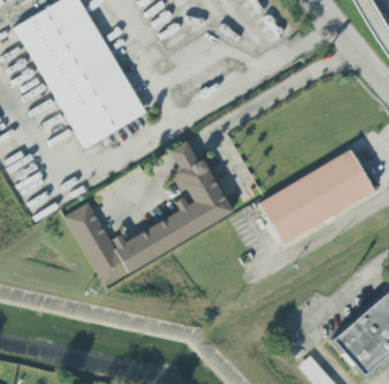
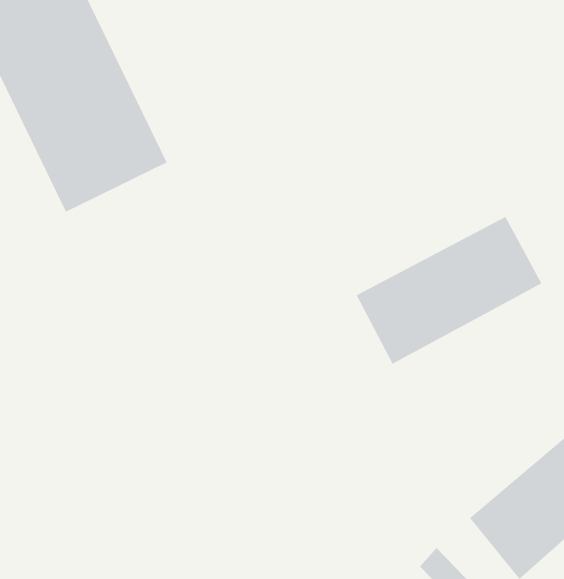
building: [64,139,231,284] -> none

